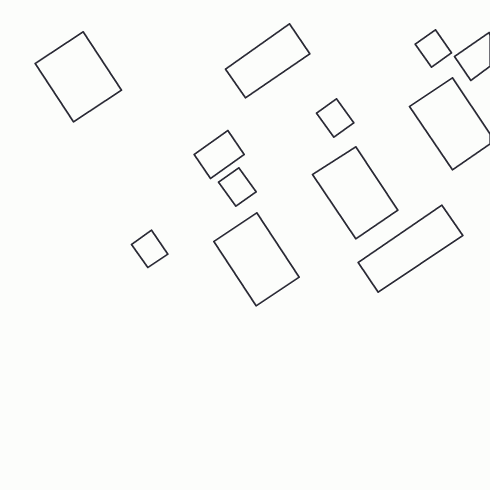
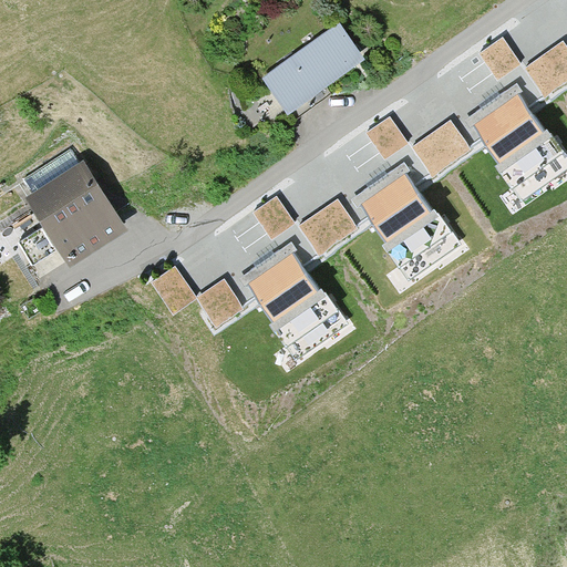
building: [35,32,122,122] -> [22,164,122,268]
building: none -> [411,118,470,173]
building: [194,130,244,178] -> [299,196,357,251]
building: [358,205,463,292] -> none
building: none -> [198,278,243,322]

